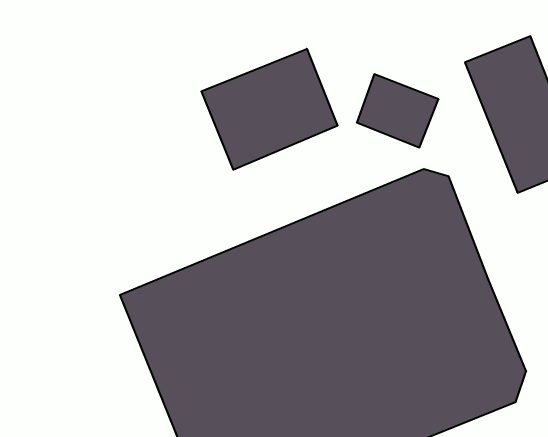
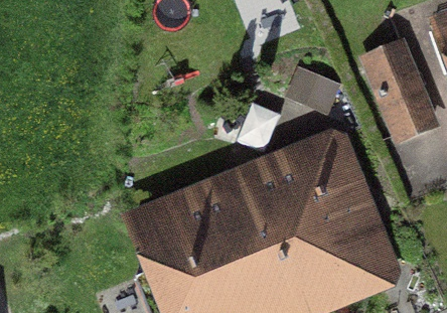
building: [201,49,338,170] -> none

